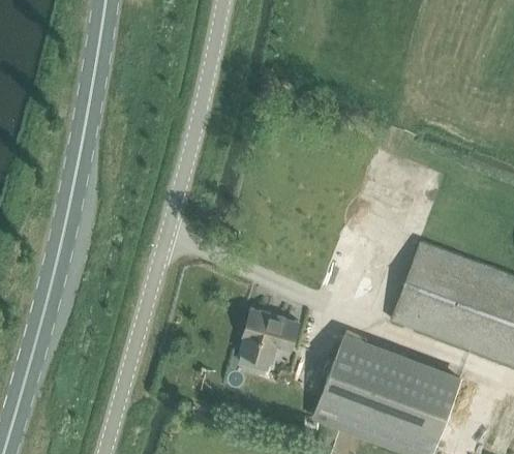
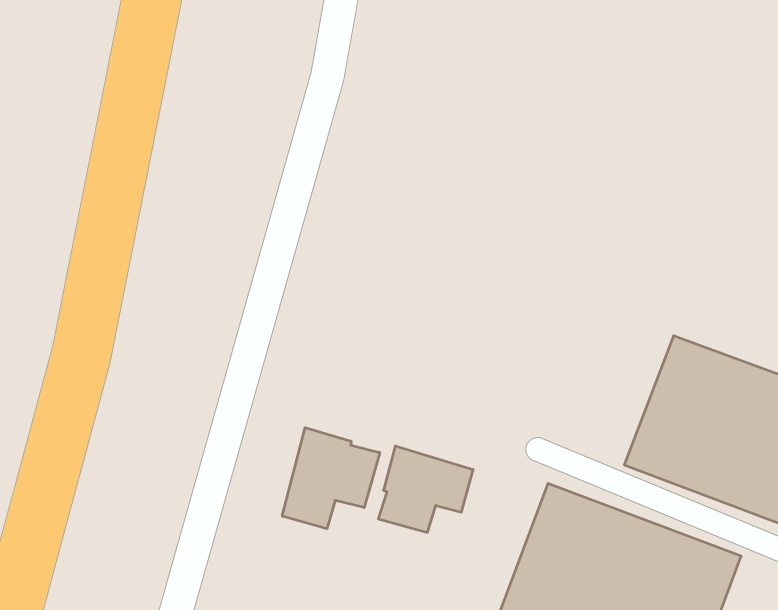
building: none -> [282,428,380,529]

